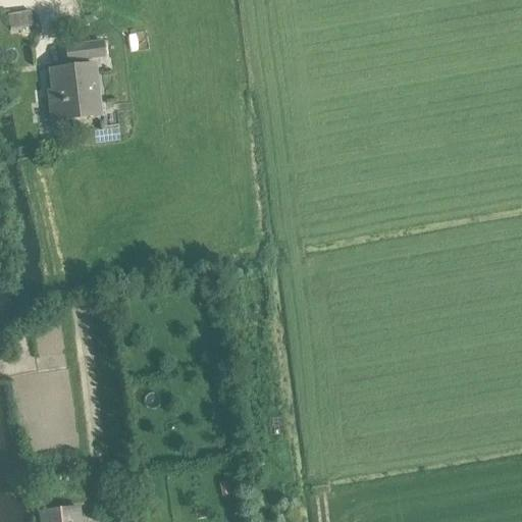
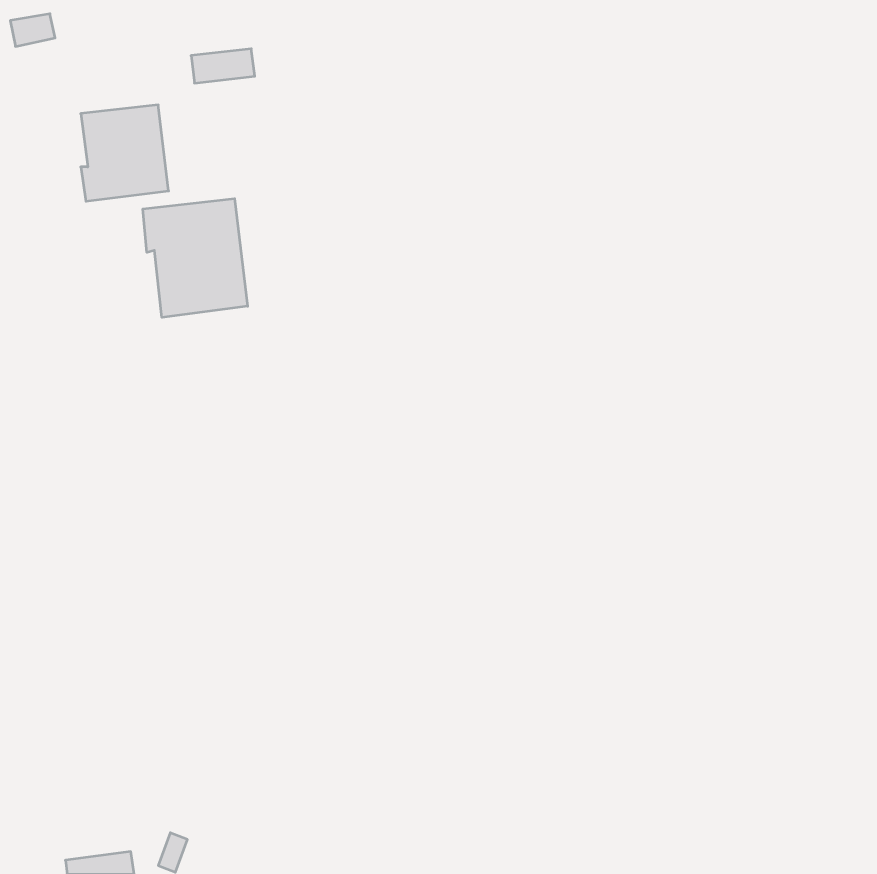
building: [66,39,104,59] -> [191,49,255,83]
building: none -> [143,199,248,317]

